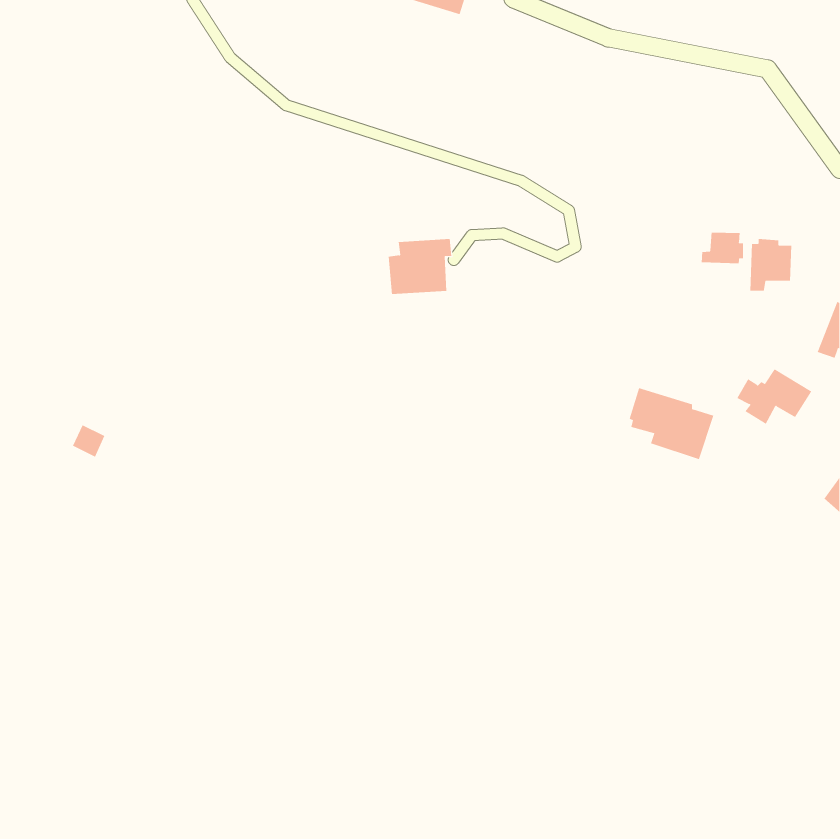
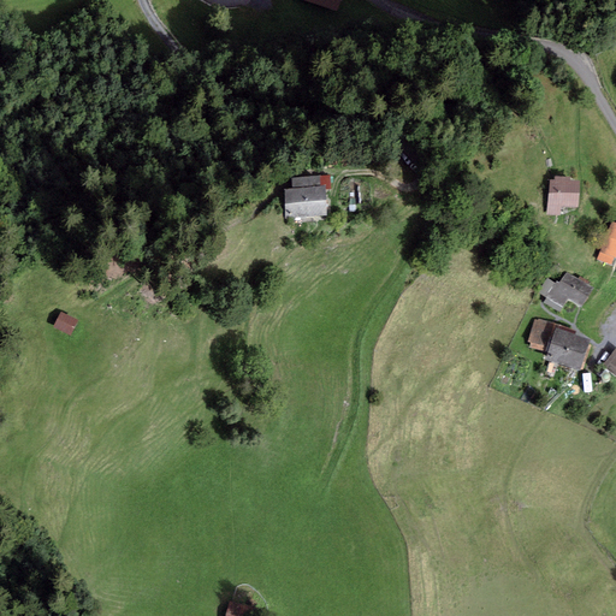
building: [701,232,744,264] -> none
building: [629,388,714,460] -> [528,318,591,371]

